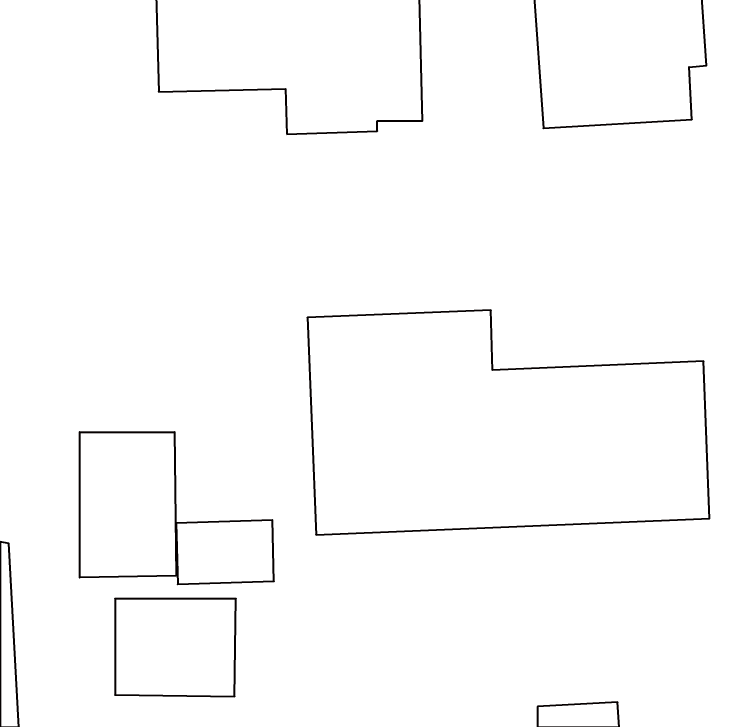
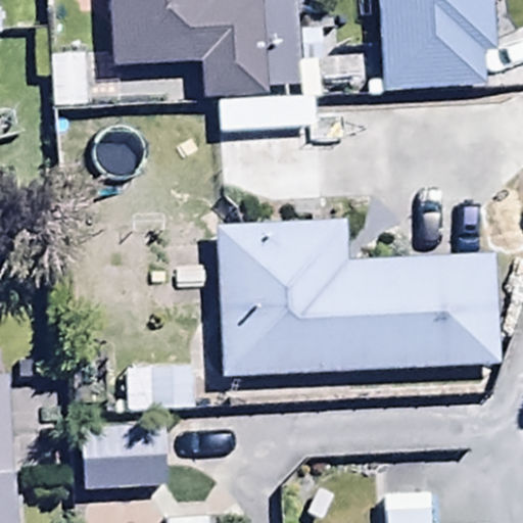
building: [80,432,176,578] -> none

